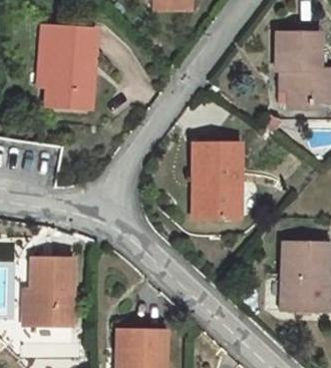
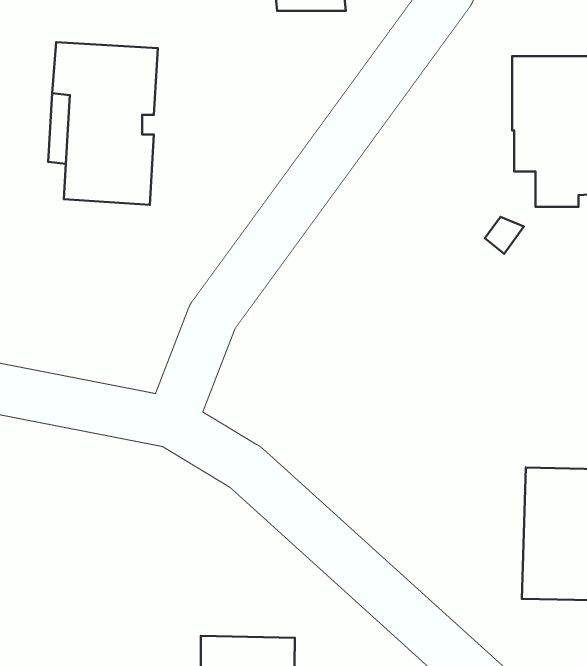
building: [194,143,241,218] -> none
building: [31,257,73,326] -> none

